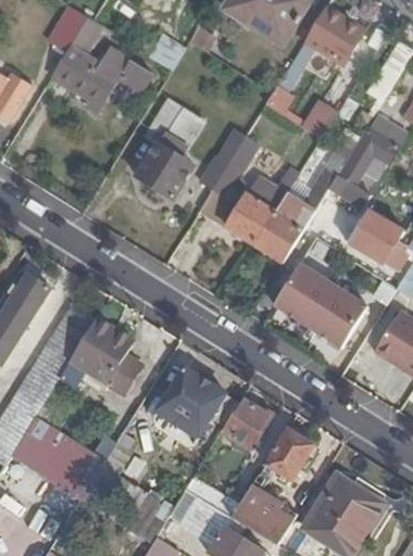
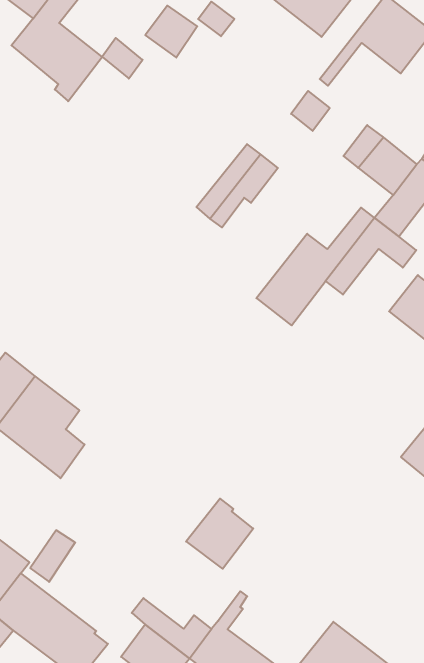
building: [135,101,200,200] -> none
building: [226,166,299,243] -> none
building: [273,258,368,346] -> none
building: [154,368,224,443] -> none
building: [265,428,313,480] -> none

